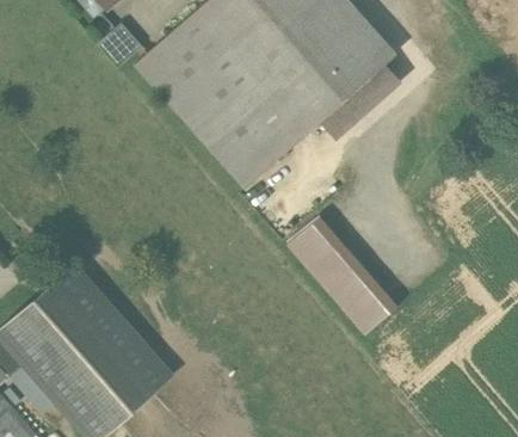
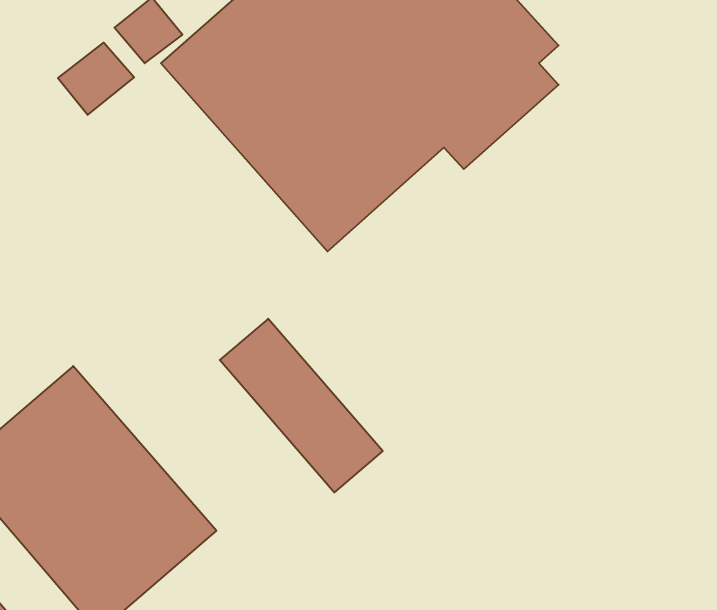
building: none -> [58,43,134,115]
building: [289,216,397,332] -> [220,319,383,492]

